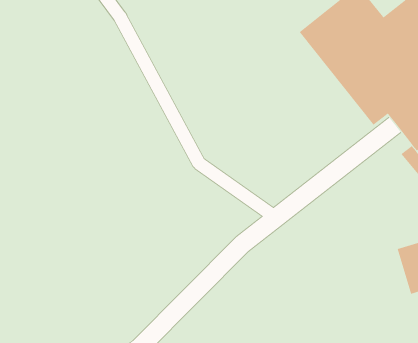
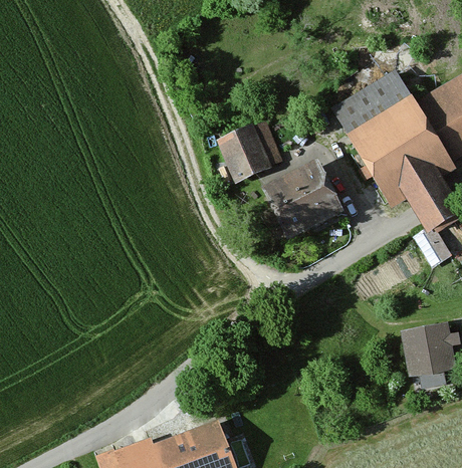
building: none -> [218,122,280,180]
building: none -> [264,163,341,237]

